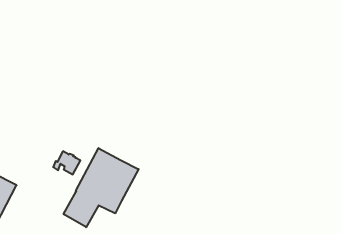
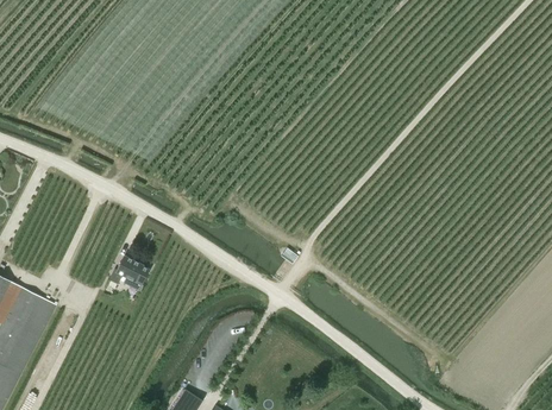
building: [64,148,139,227] -> none

